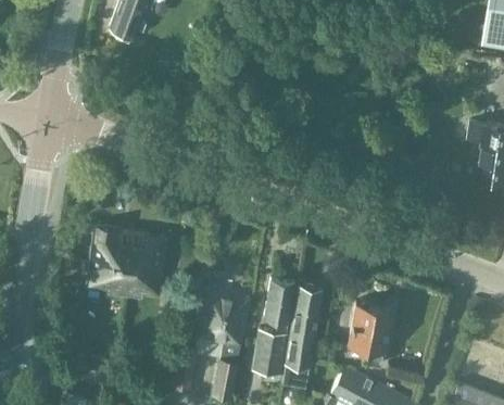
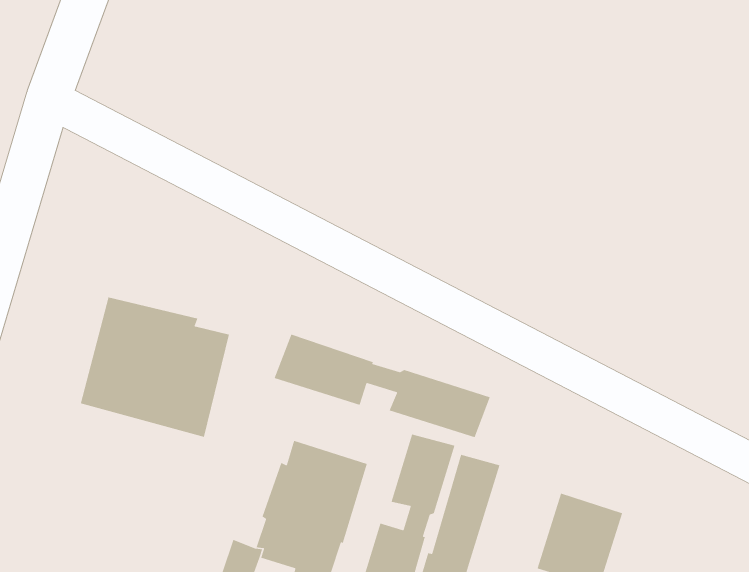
building: none -> [273,334,491,438]

